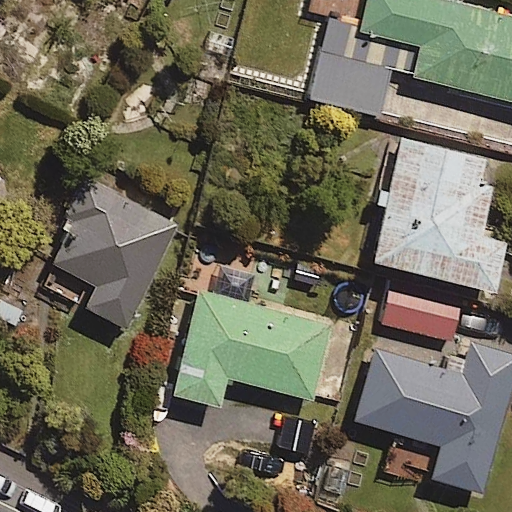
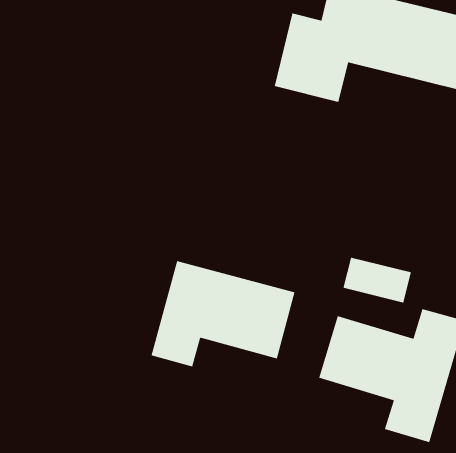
building: [371,137,505,294] -> none
building: [48,177,180,330] -> none

